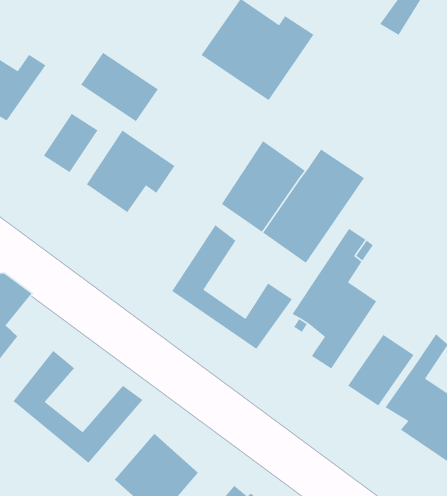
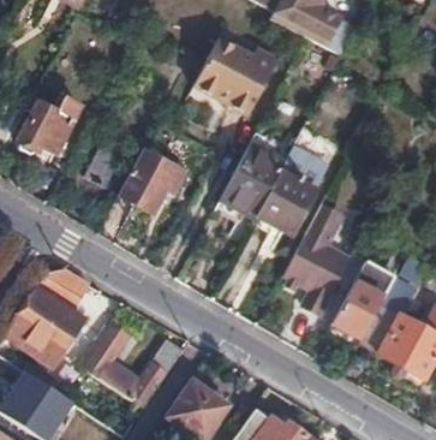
building: [80,52,159,122] -> none
building: [171,224,293,350] -> none

